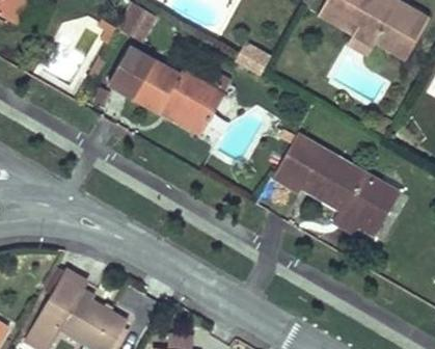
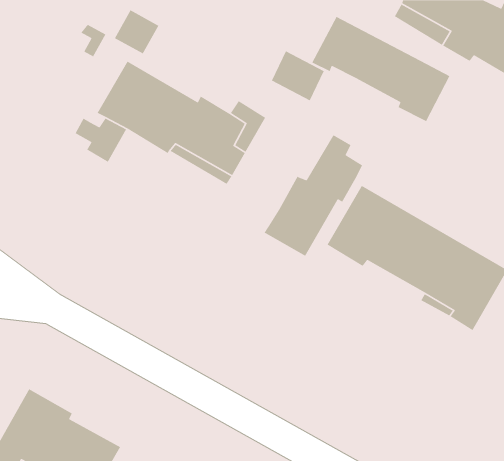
building: none -> [311,16,451,122]
building: none -> [263,134,363,257]

